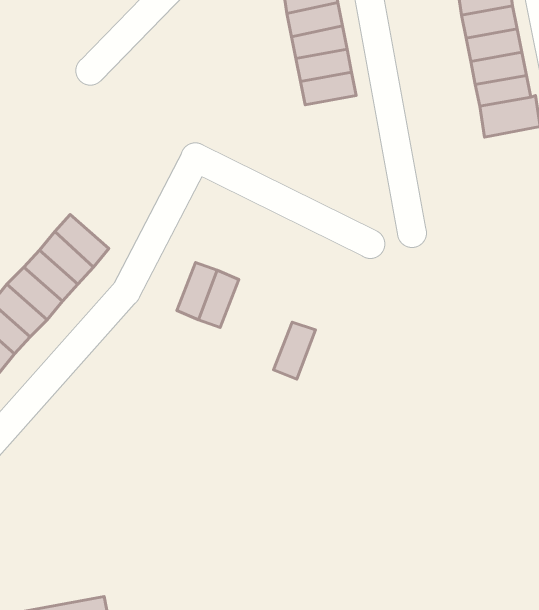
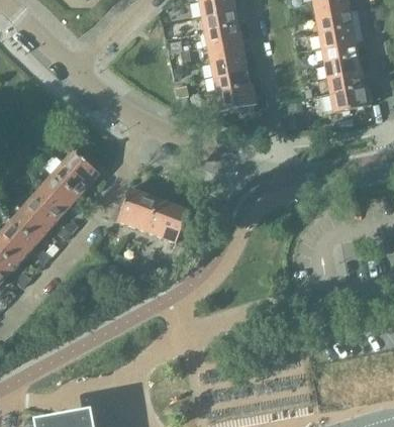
building: none -> [216,84,256,114]
building: none -> [63,150,99,185]
building: none -> [117,188,144,225]
building: [274,322,315,379] -> [161,205,188,242]

